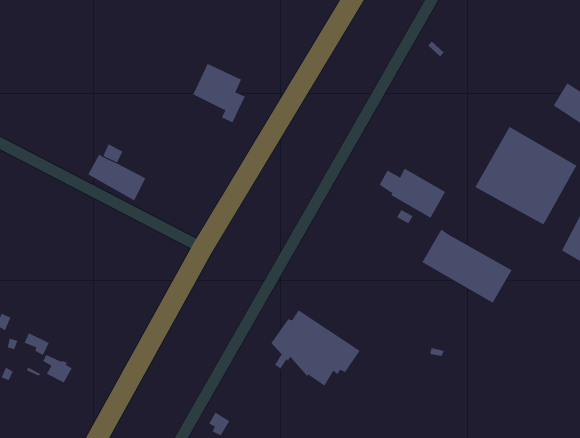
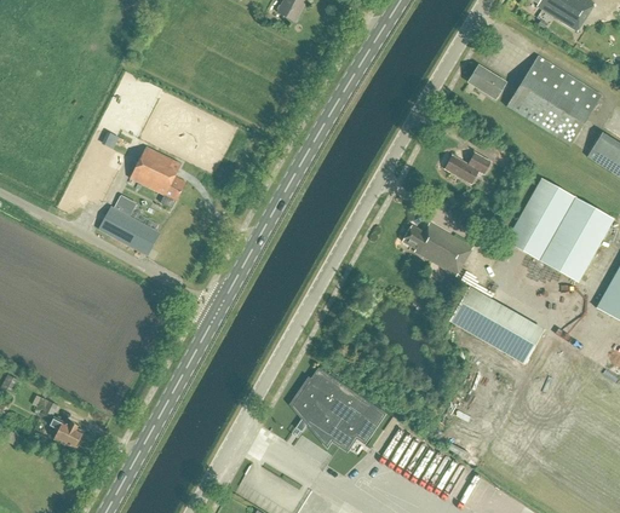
building: none -> [507,54,602,145]
building: none -> [467,64,504,97]
building: [192,63,245,123] -> [130,145,185,208]
building: none -> [444,151,490,183]

